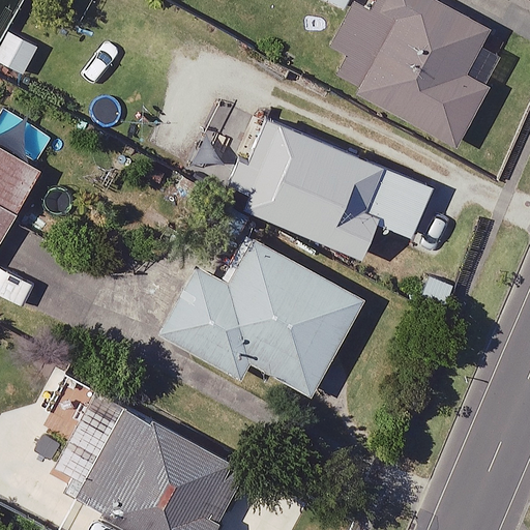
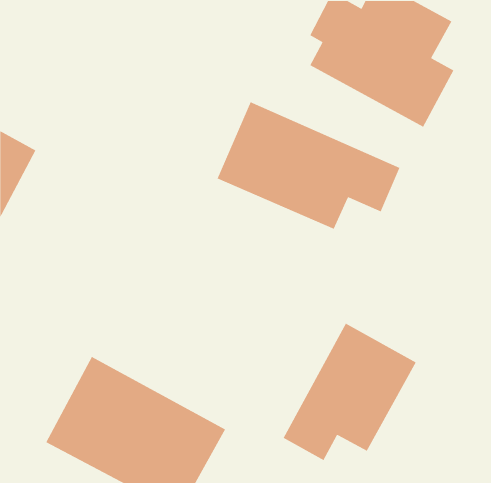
building: [160,237,363,395] -> none
building: none -> [283,322,417,461]

